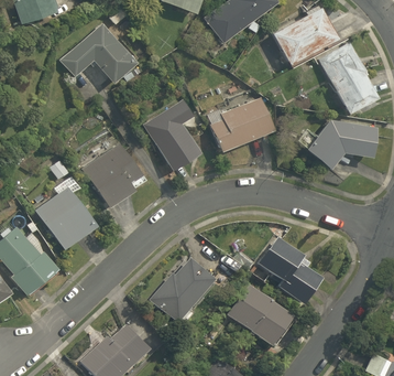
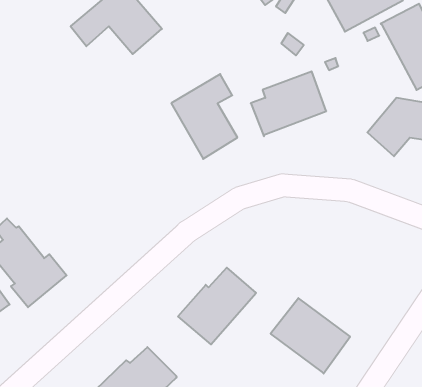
building: [83,143,142,207] -> none
building: [36,175,96,248] -> none
building: [258,237,322,308] -> none

